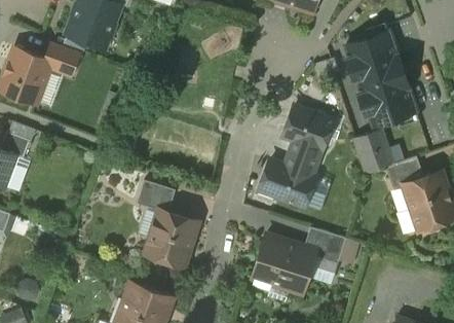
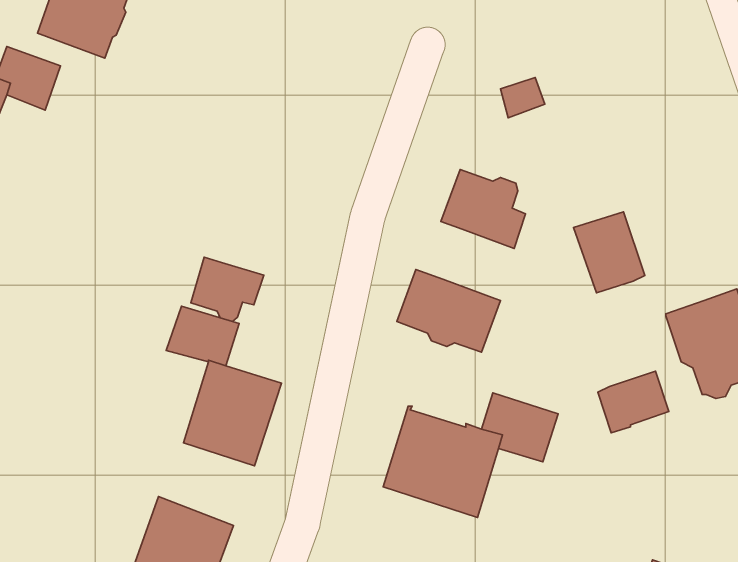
building: [346,31,416,125] -> none
building: [285,140,323,177] -> none
building: none -> [191,257,264,321]
building: [386,156,424,189] -> [598,371,669,433]

